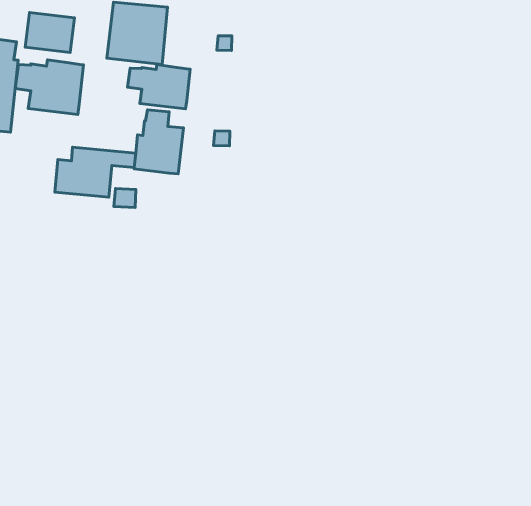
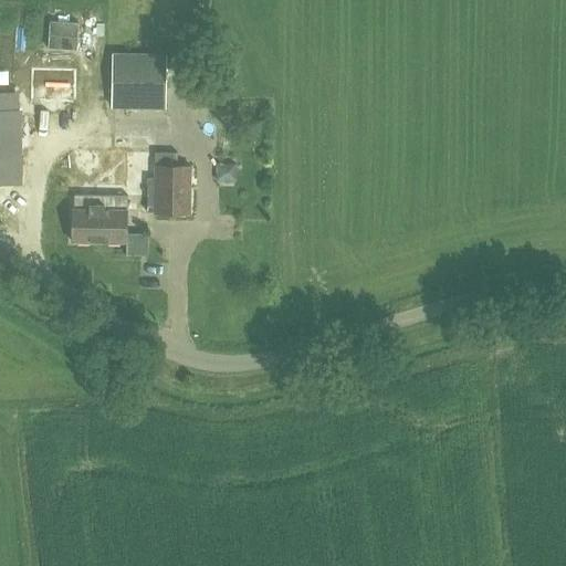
building: [15,60,84,114] -> none
building: [128,65,190,109] -> none

